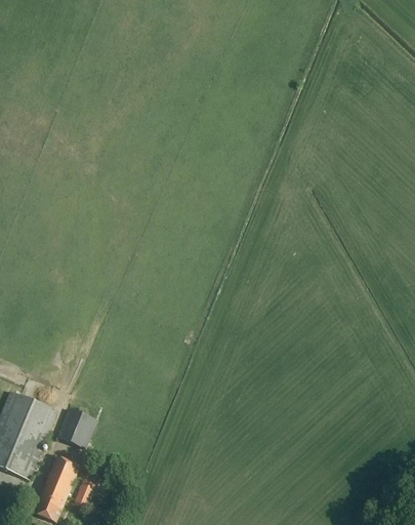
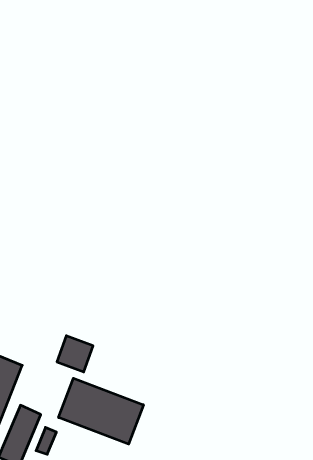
building: [56,408,96,448] -> [57,336,93,372]
building: none -> [59,378,143,444]

